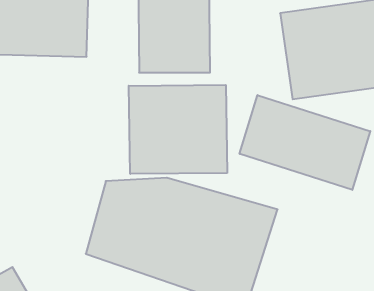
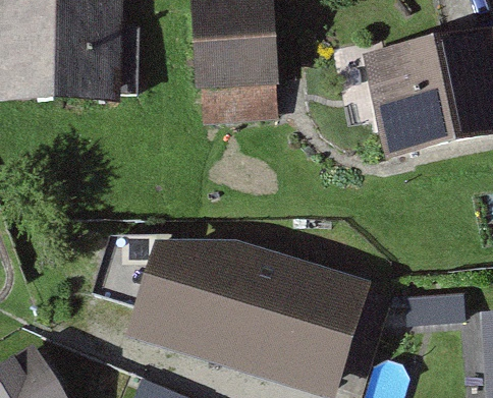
building: [129,85,227,174] -> none
building: [240,95,370,190] -> none

